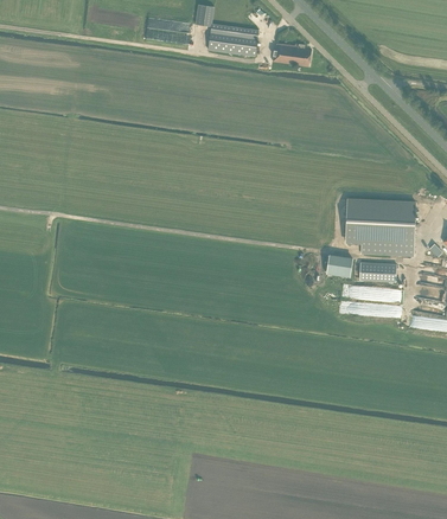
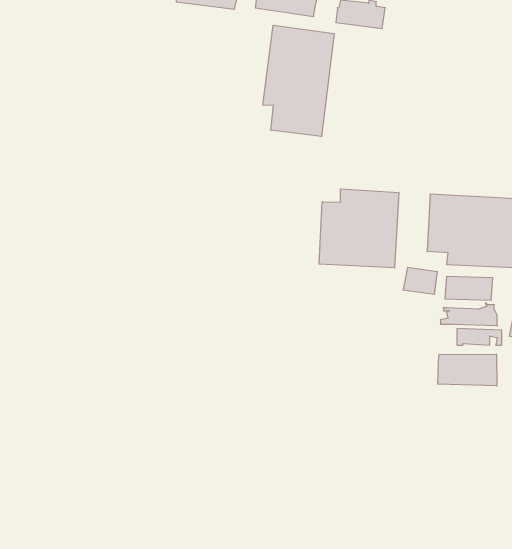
building: none -> [263,25,334,137]
building: none -> [319,189,399,268]
building: none -> [438,354,497,386]

